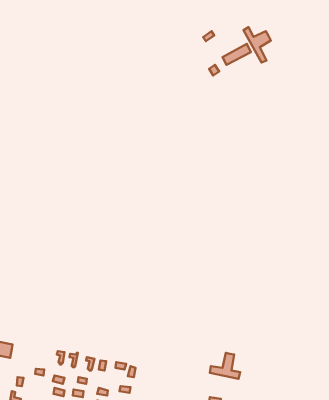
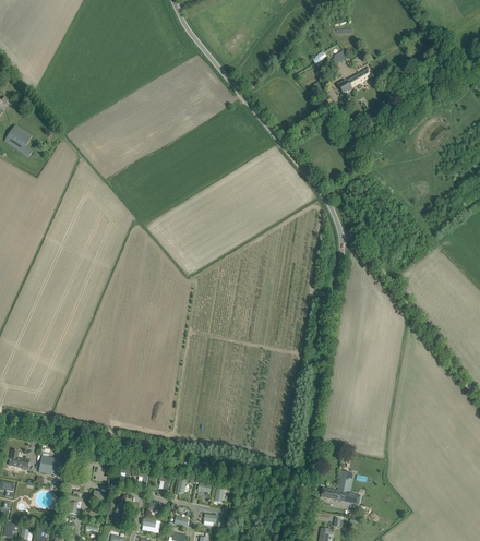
building: [244,27,271,63] -> none

